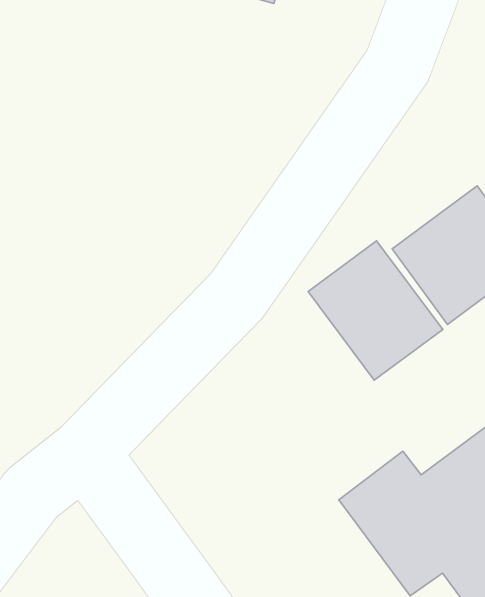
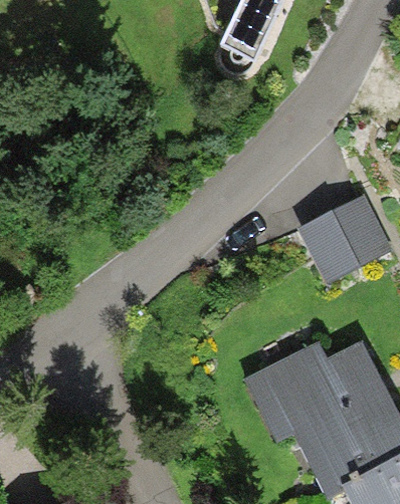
building: [308,241,443,380] -> none

